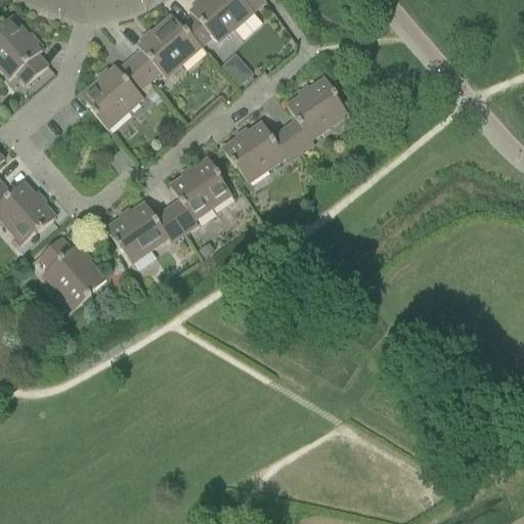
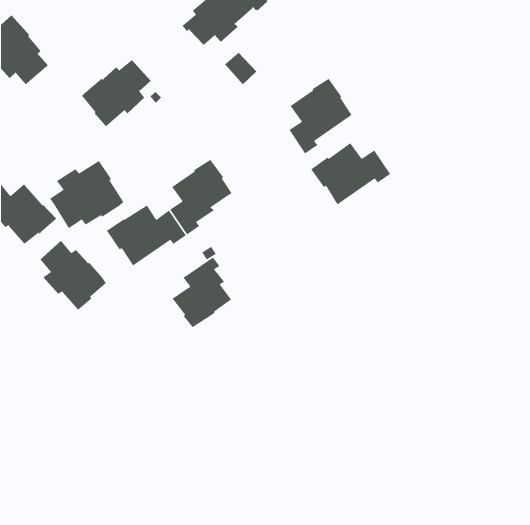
building: [130,14,207,80] -> none
building: [221,121,301,183] -> [310,142,391,205]
building: none -> [49,155,124,229]
building: none -> [172,256,235,328]

